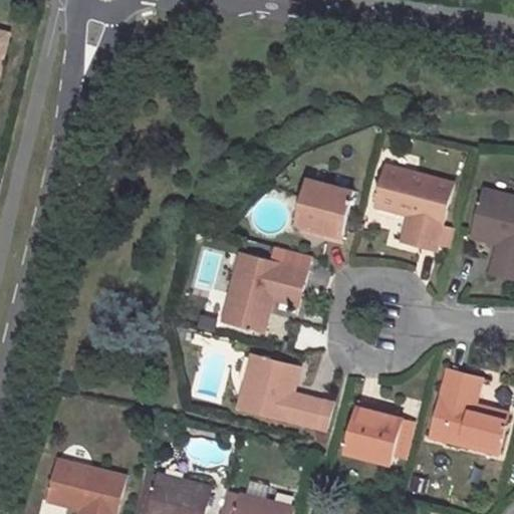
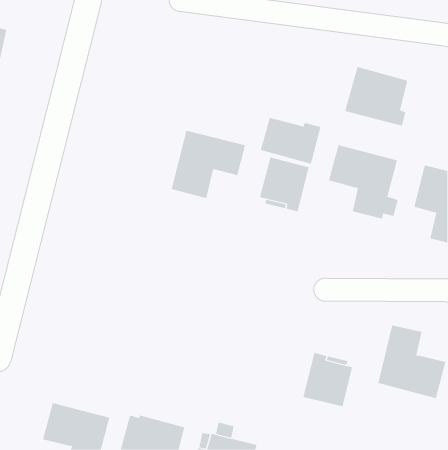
building: none -> [344,66,408,127]
building: none -> [260,117,321,165]
building: [222,253,307,331] -> [171,130,246,199]
building: [237,355,330,431] -> none

